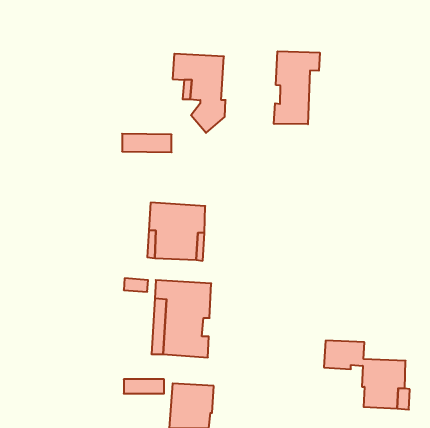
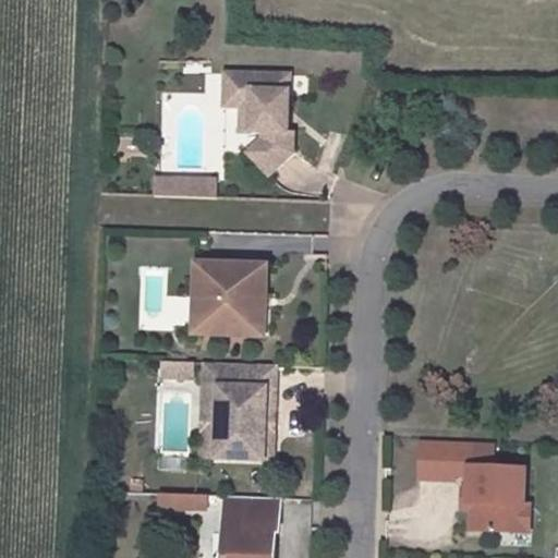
building: [274,51,320,124] -> none

